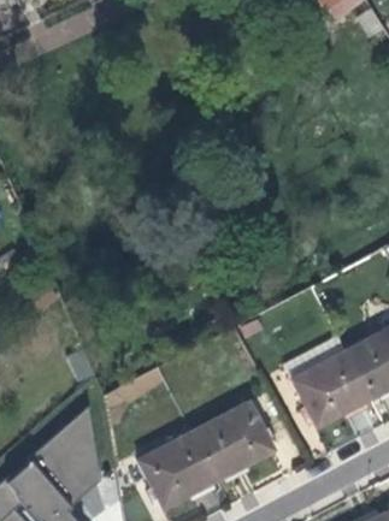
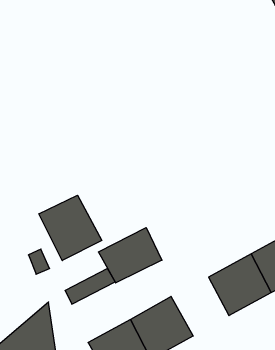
building: none -> [39,195,102,261]
building: none -> [98,228,162,283]

